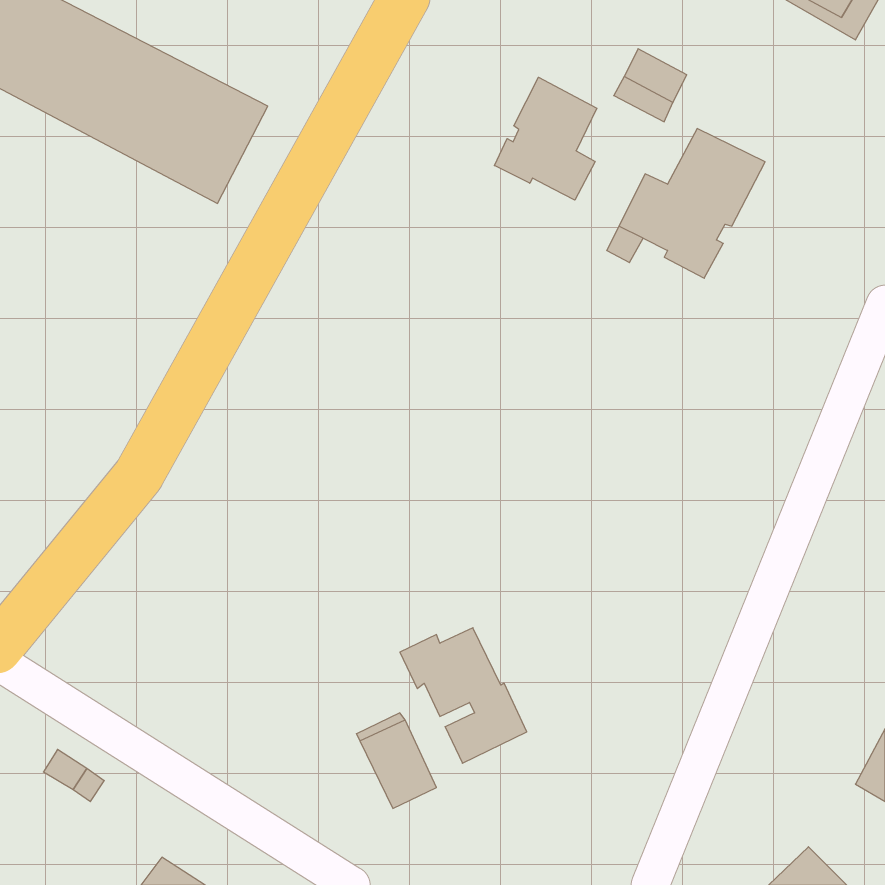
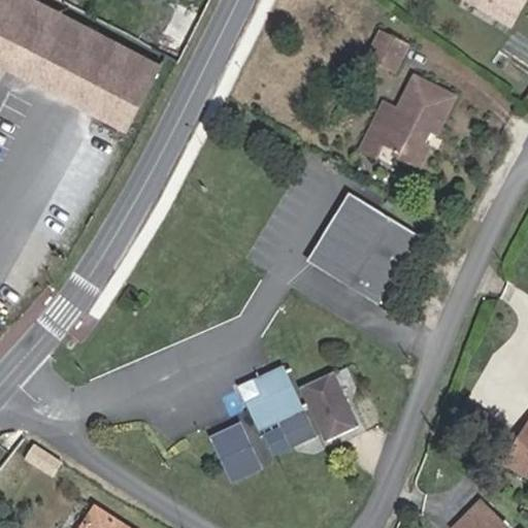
building: [494,77,597,200] -> none
building: none -> [314,199,416,300]
building: none -> [301,371,356,439]

